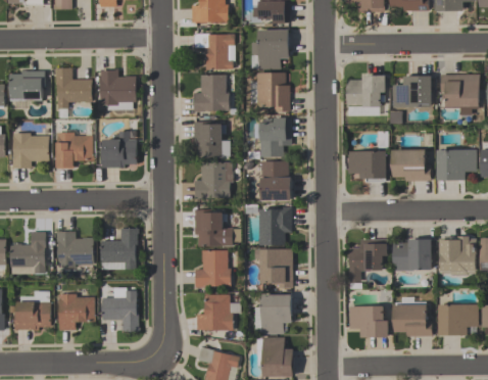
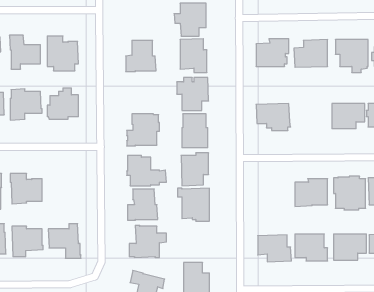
building: [193,34,234,70] -> none
building: [193,122,230,157] -> none
building: [391,148,432,181] -> none
building: [101,229,139,270] -> none
building: [348,238,388,281] -> none
building: [260,295,291,334] -> none

